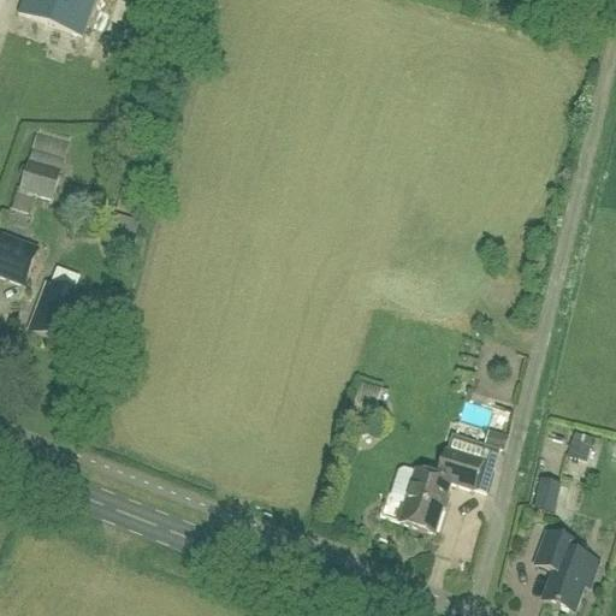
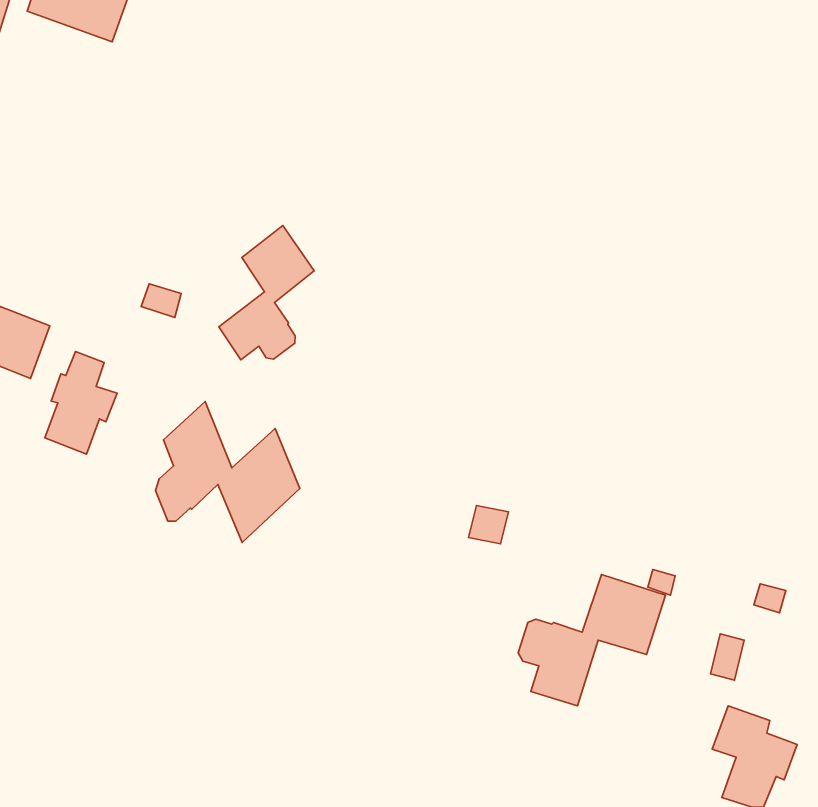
building: [17,129,67,196] -> none
building: none -> [219,226,314,360]
building: none -> [156,401,300,543]

